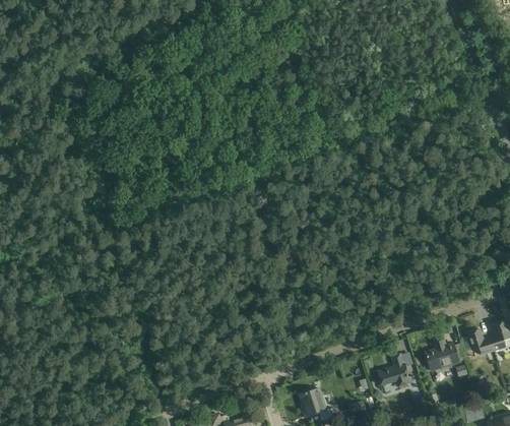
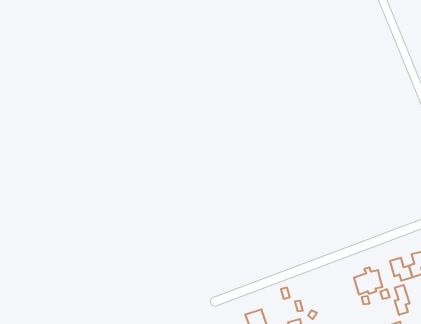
building: [379,354,410,386] -> none
building: none -> [395,285,409,315]

